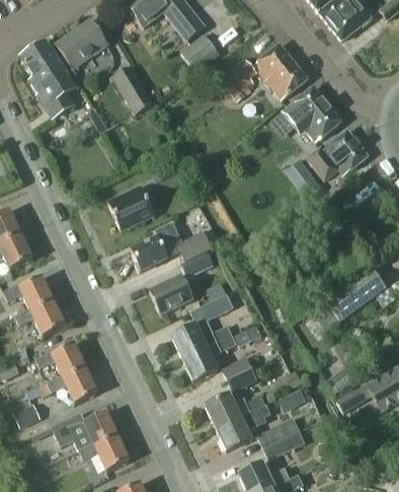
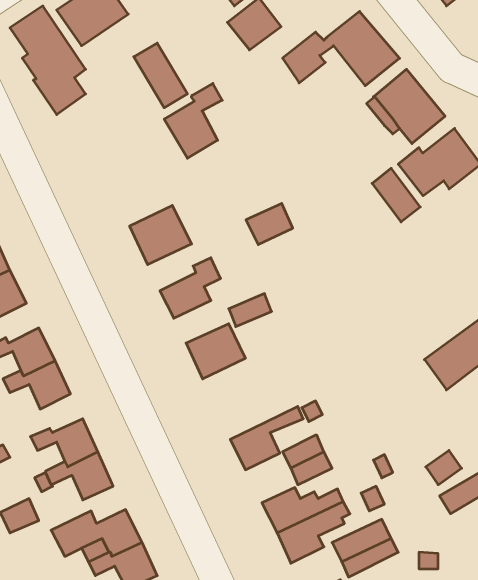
building: none -> [164,83,222,158]
building: [176,229,211,260] -> [246,203,293,245]
building: [172,293,234,358] -> none

